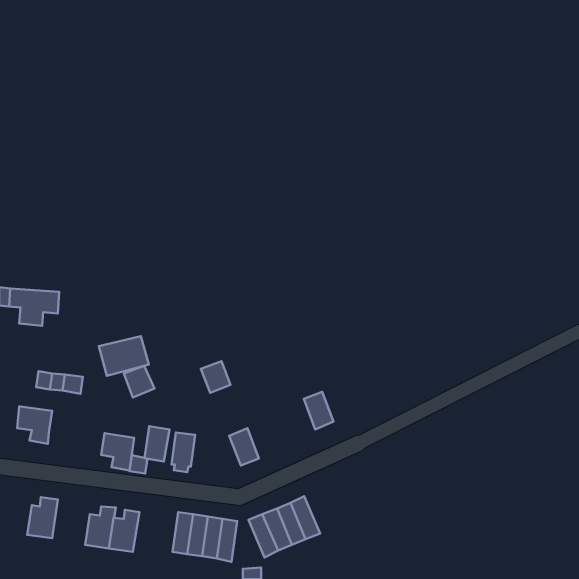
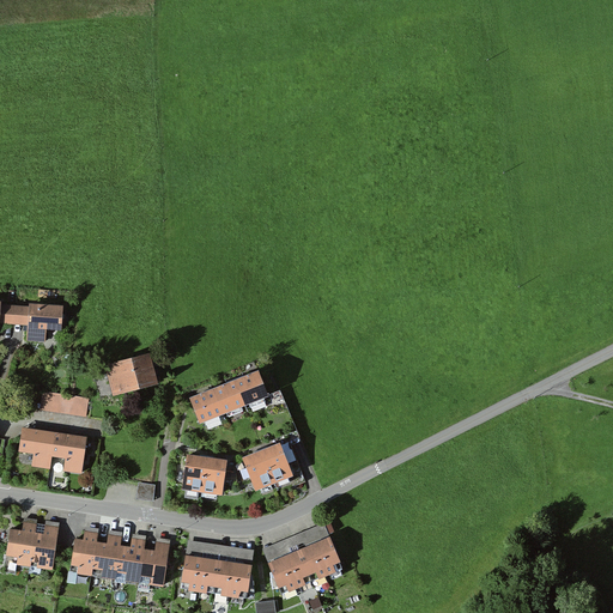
building: none -> [233,371,266,405]
building: [124,366,154,397] -> [189,390,221,424]
building: [304,392,333,429] -> [261,444,292,484]
building: [145,426,170,461] -> [201,459,227,496]
building: [101,433,134,471] -> [51,433,86,473]
building: none -> [5,521,36,564]
building: none -> [68,529,97,575]
building: none -> [140,541,172,587]

